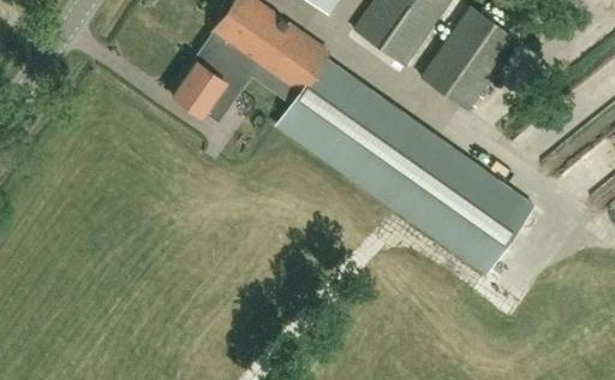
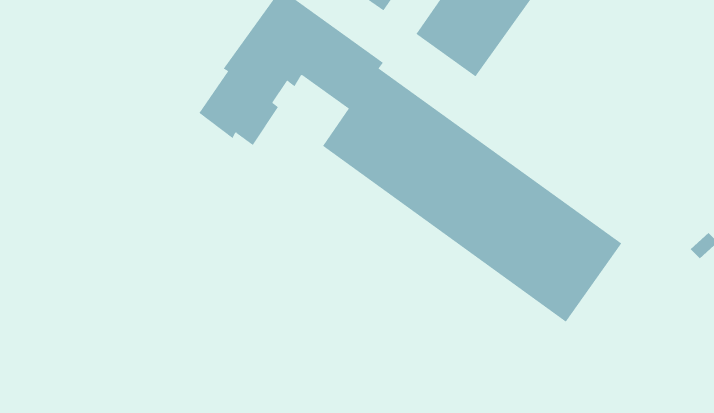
building: [422,6,519,109] -> none

